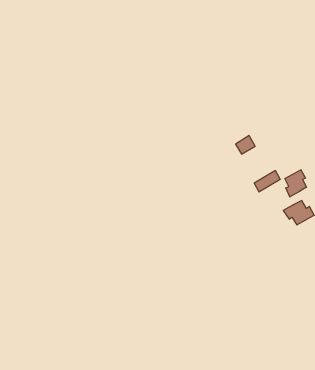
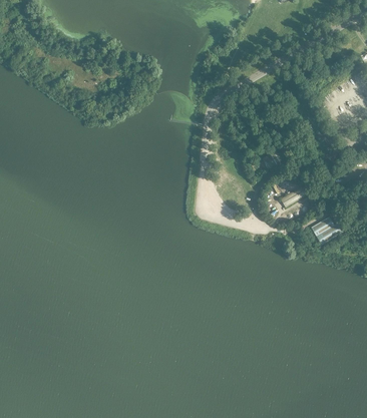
building: [285,170,306,197] -> none

